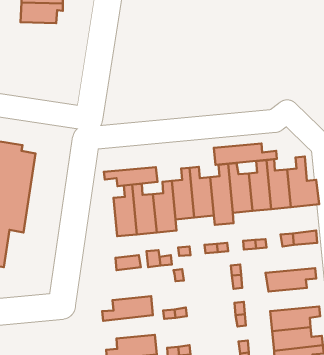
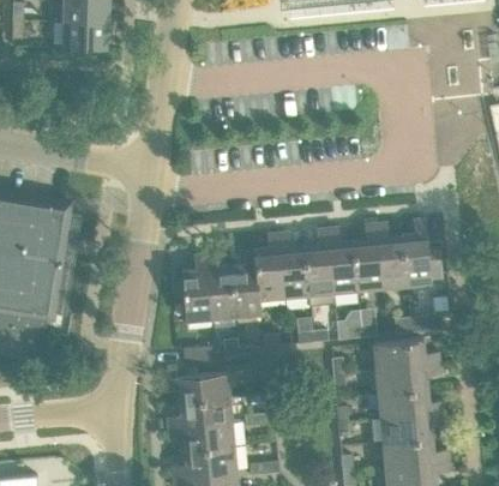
building: [214,143,277,165] -> none
building: [104,167,157,186] -> none
building: none -> [372,338,438,368]
building: none -> [162,373,228,403]
building: none -> [378,388,443,418]
building: none -> [167,422,233,452]

